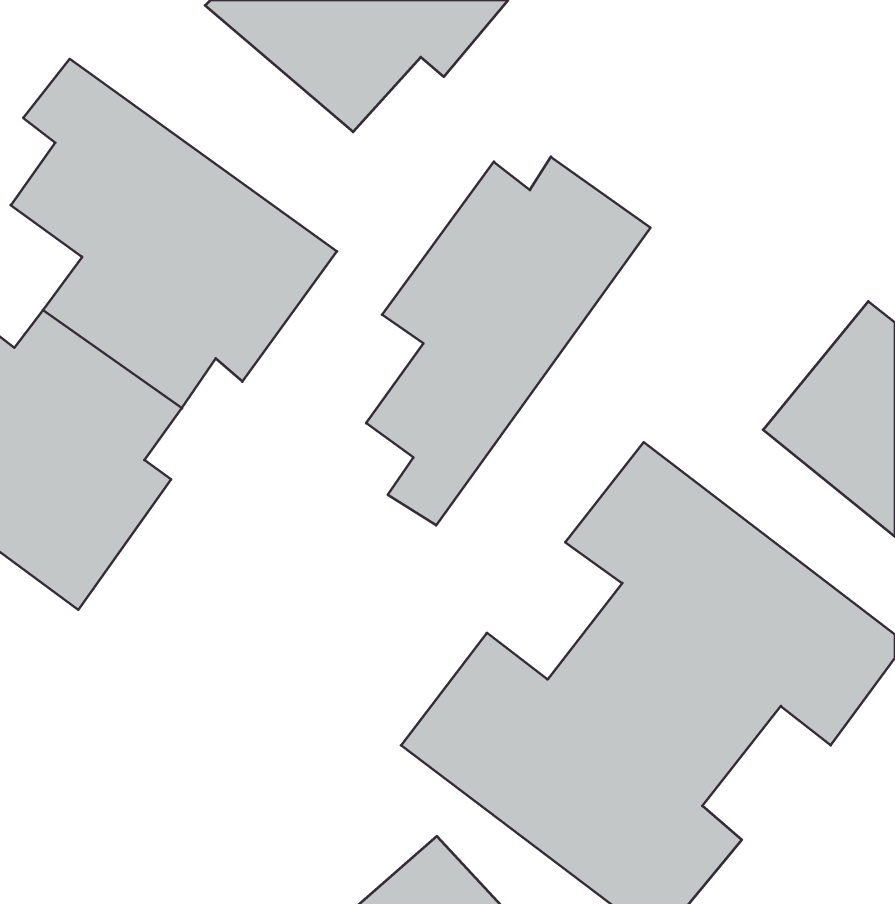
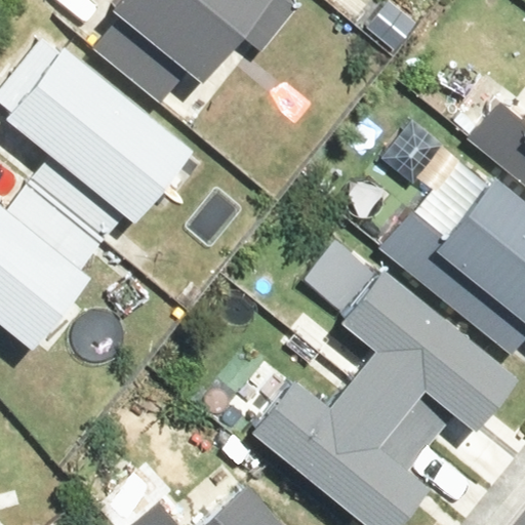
building: [366,157,650,525] -> none

